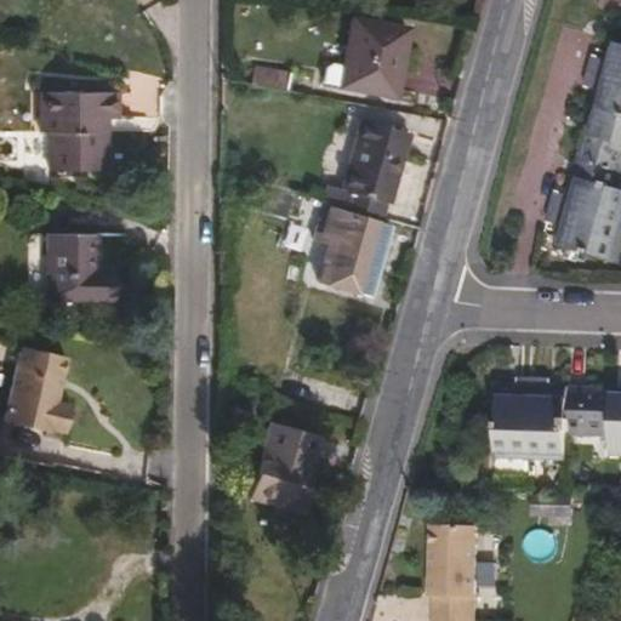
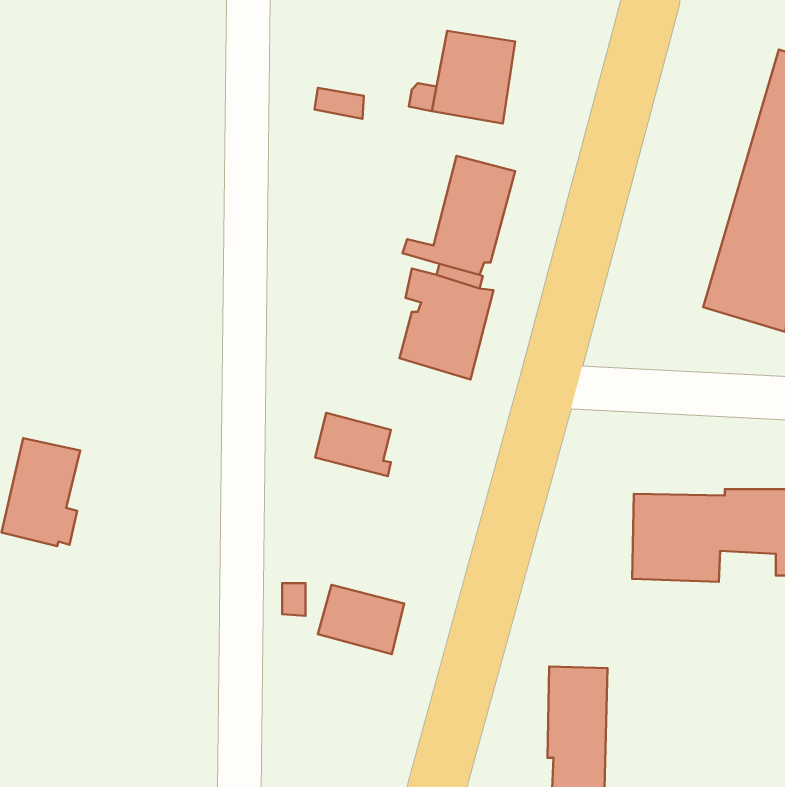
building: [40,90,115,167] -> none
building: [46,235,108,302] -> none
building: [263,426,323,475] -> [315,413,391,476]

